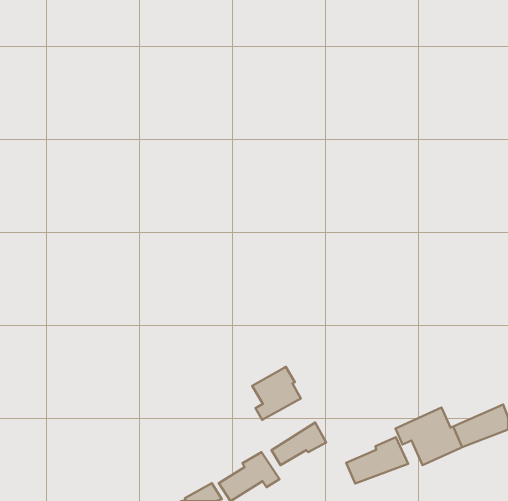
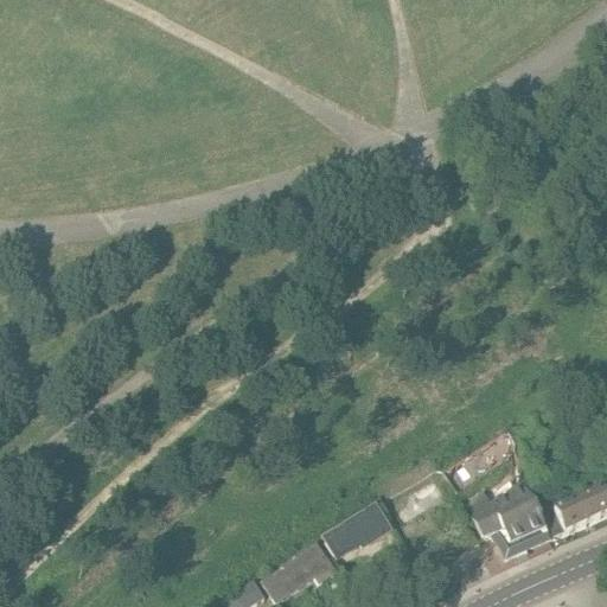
building: [252,367,301,420] -> none
building: [346,437,408,483] -> none

